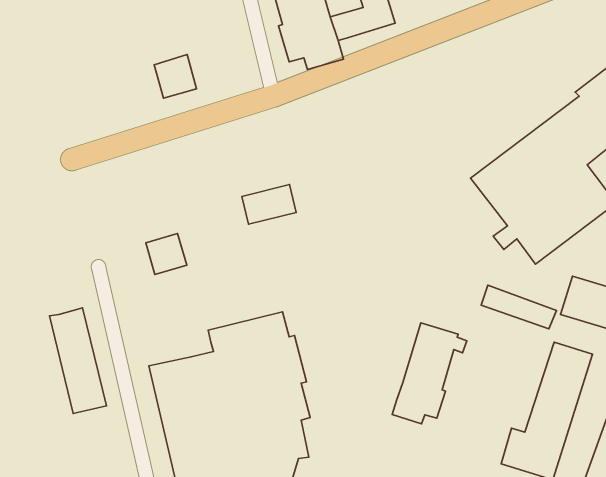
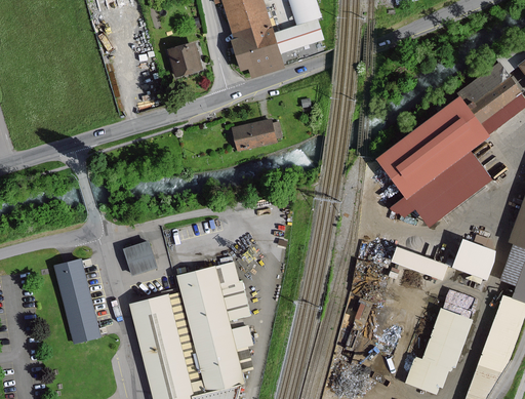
building: [154,54,197,98] -> [168,41,201,75]
building: [242,185,296,224] -> [232,119,274,150]
building: [146,234,187,275] -> [124,241,156,273]
building: [392,323,467,424] -> none

